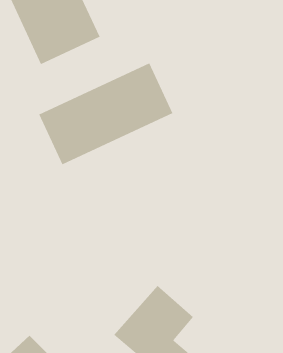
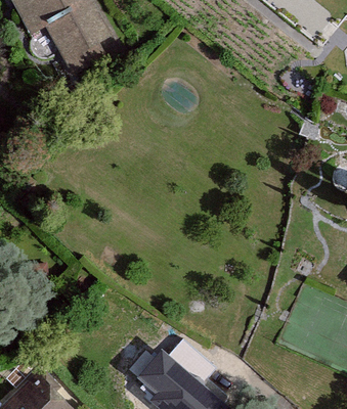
building: [38,62,173,165] -> none

